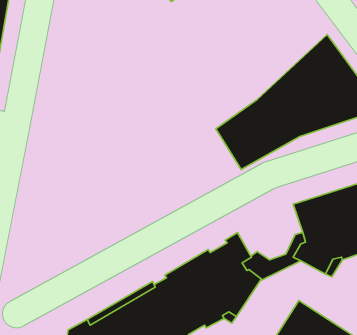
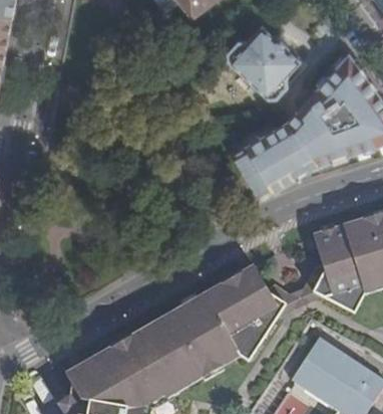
building: none -> [227,28,310,98]

